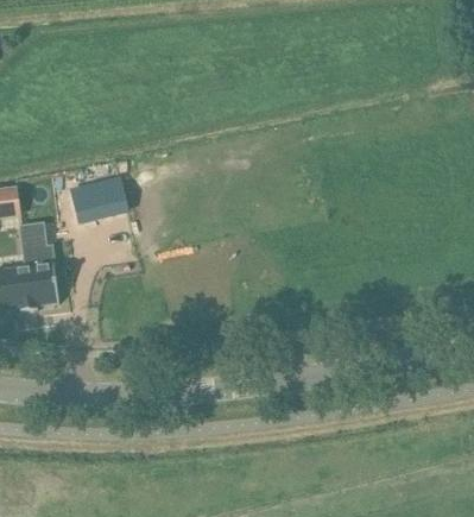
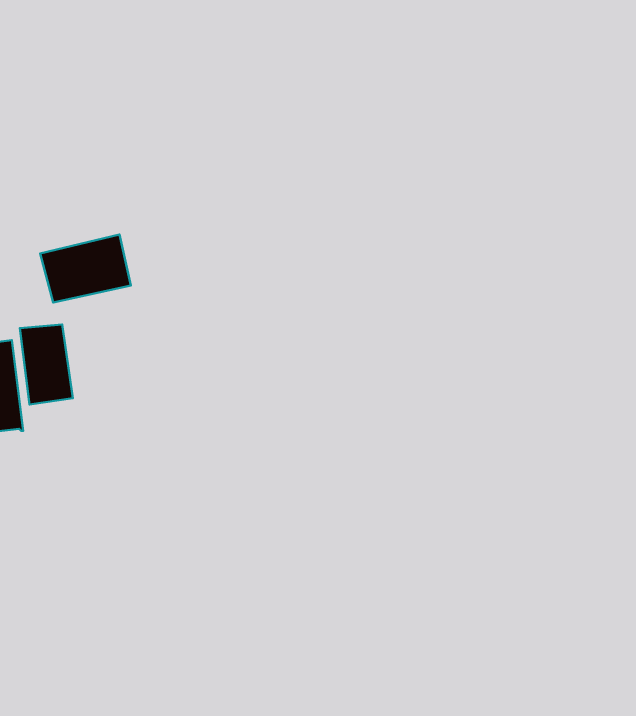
building: none -> [20,324,73,404]

